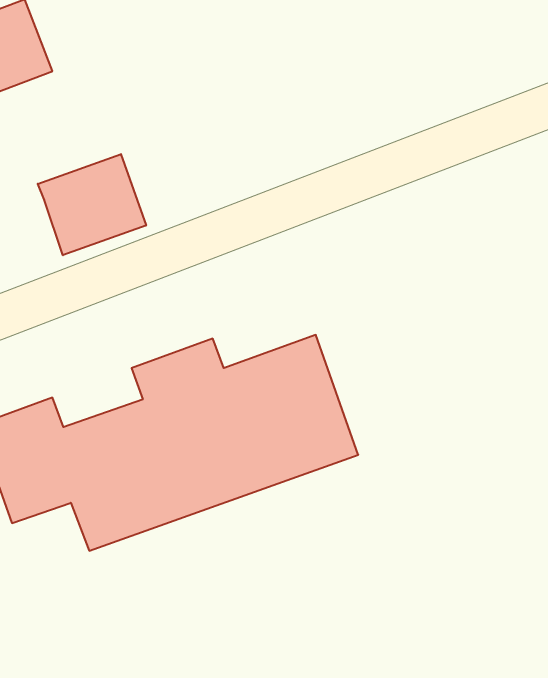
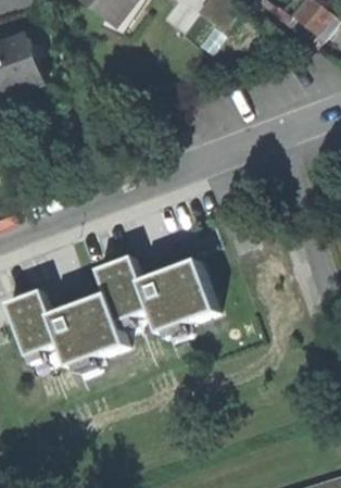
building: [38,154,146,255] -> none

